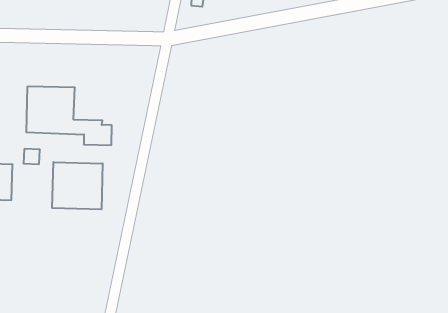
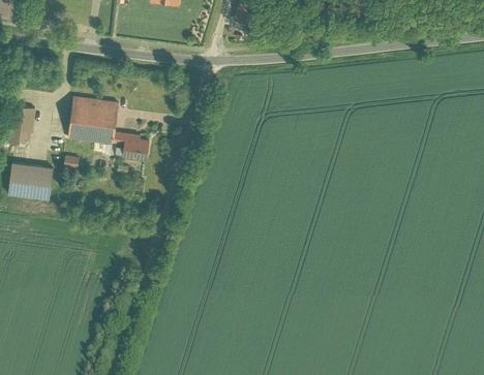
building: [52,162,103,209] -> none

